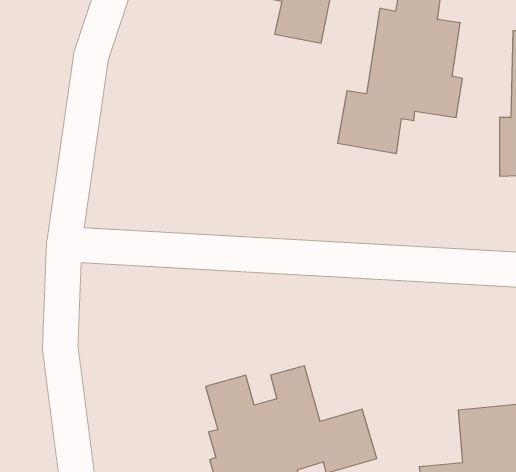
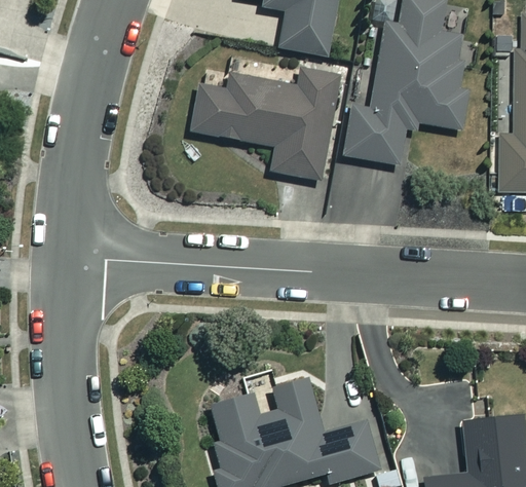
building: none -> [191,68,341,185]

